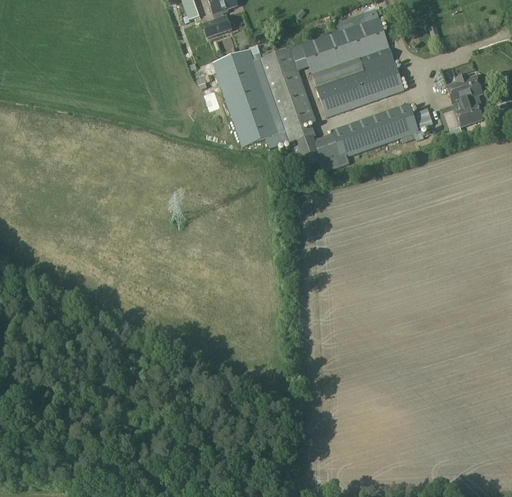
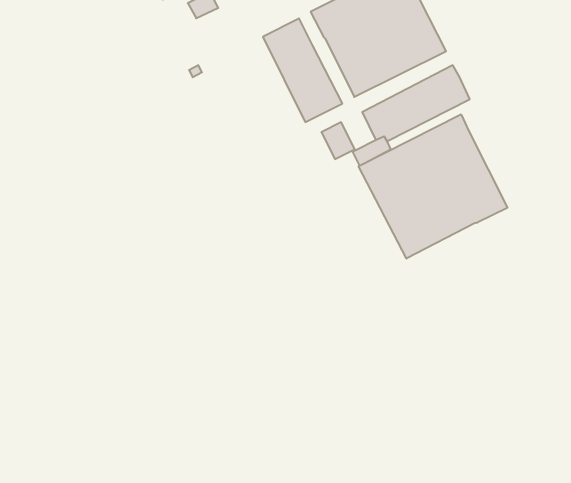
building: [212,48,288,148] -> none
building: [446,75,483,126] -> none
building: none -> [359,114,507,259]

